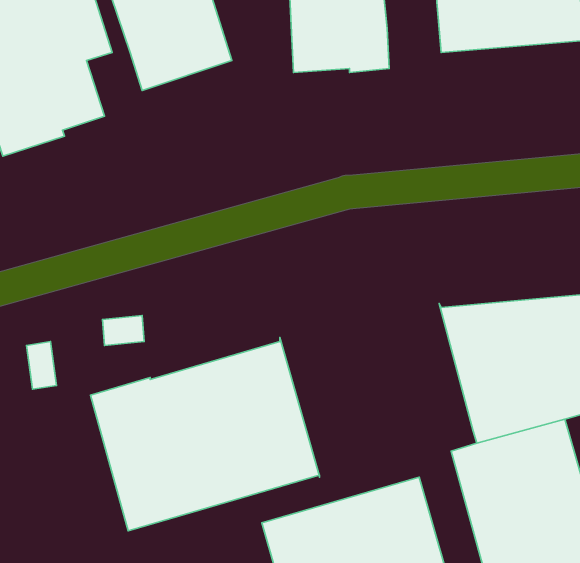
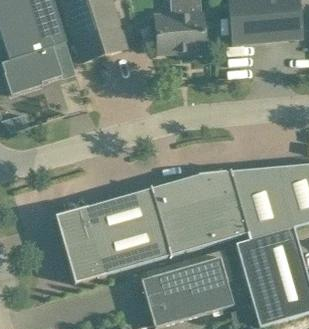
building: none -> [150,169,247,256]

